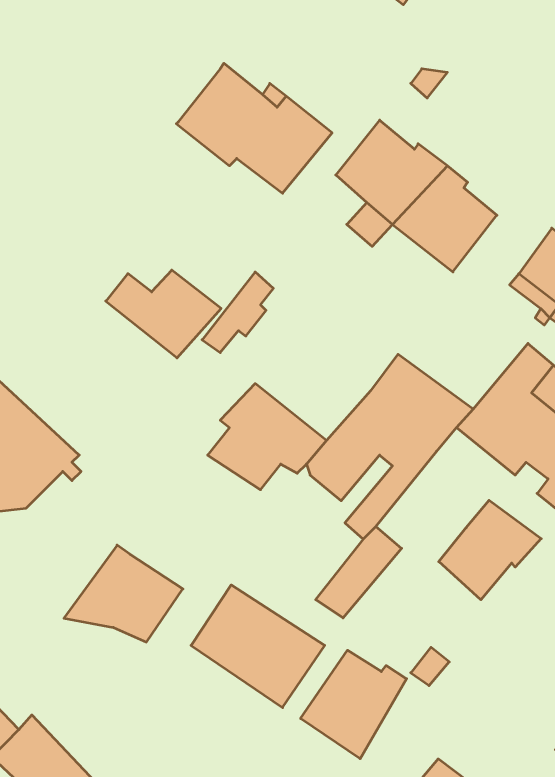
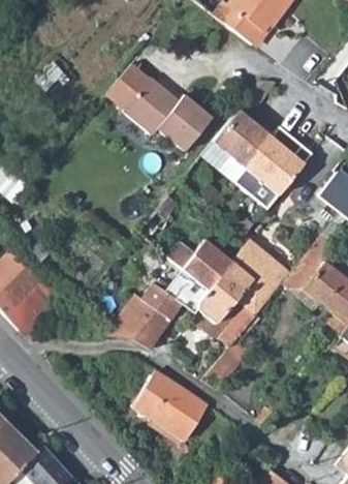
building: none -> [106,64,150,110]
building: [106,270,221,358] -> [169,240,234,290]
building: [439,500,541,600] -> none
building: [64,545,183,642] -> [105,293,172,347]
building: [301,650,407,759] -> none

